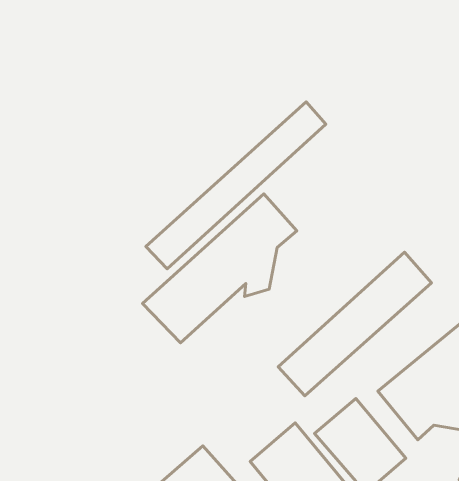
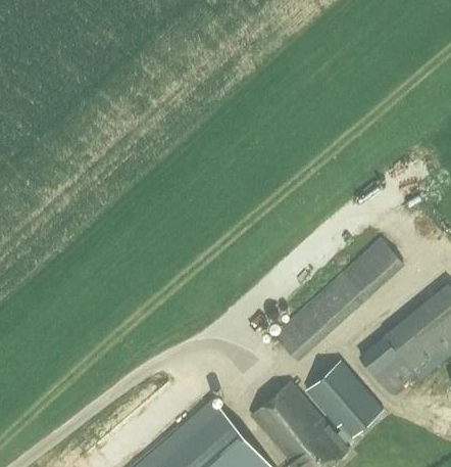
building: [146,102,326,269] -> none
building: [142,194,297,343] -> none

